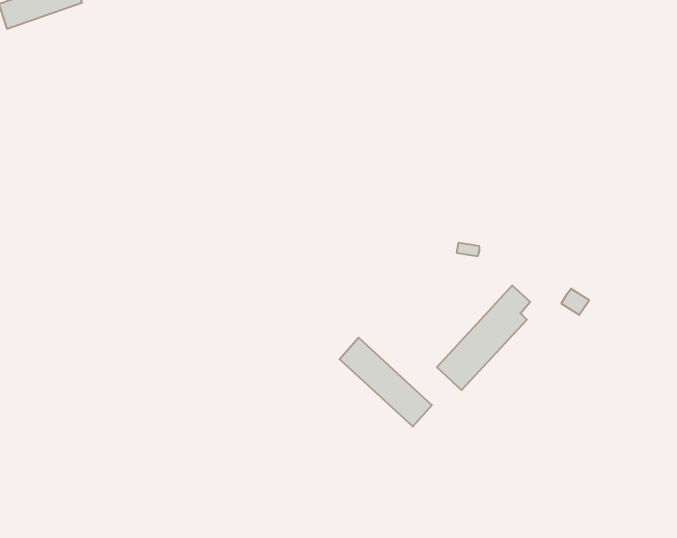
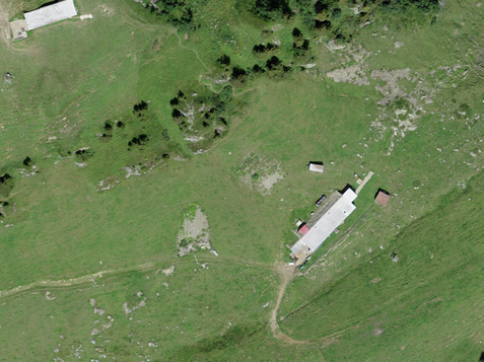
building: [339,338,432,427] -> none

